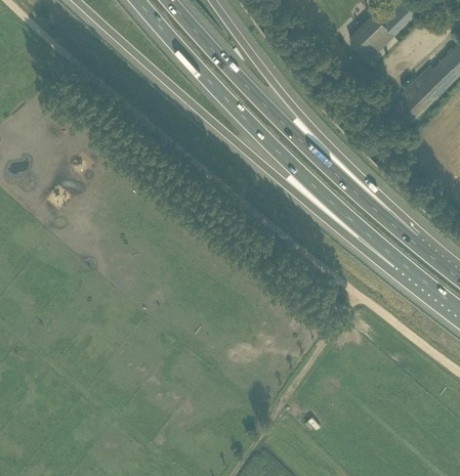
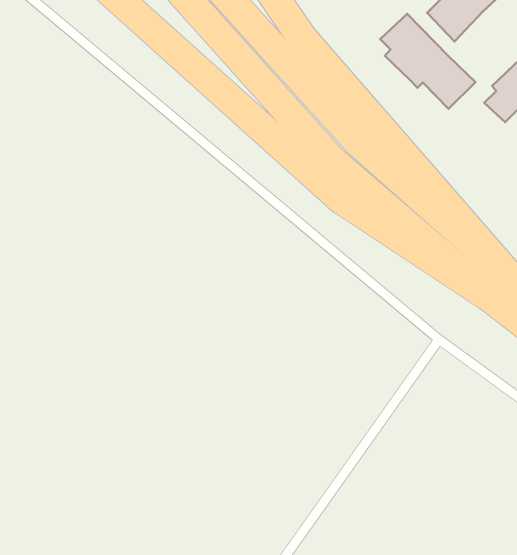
building: none -> [380,14,476,109]

